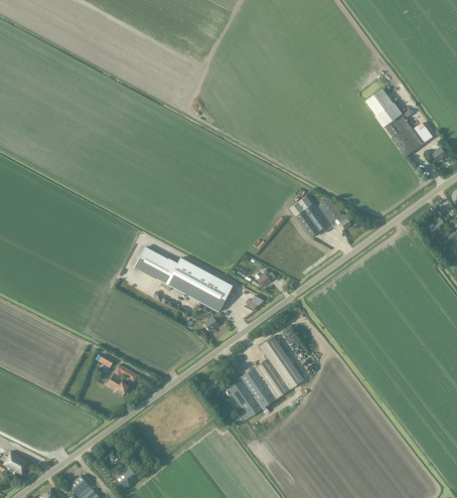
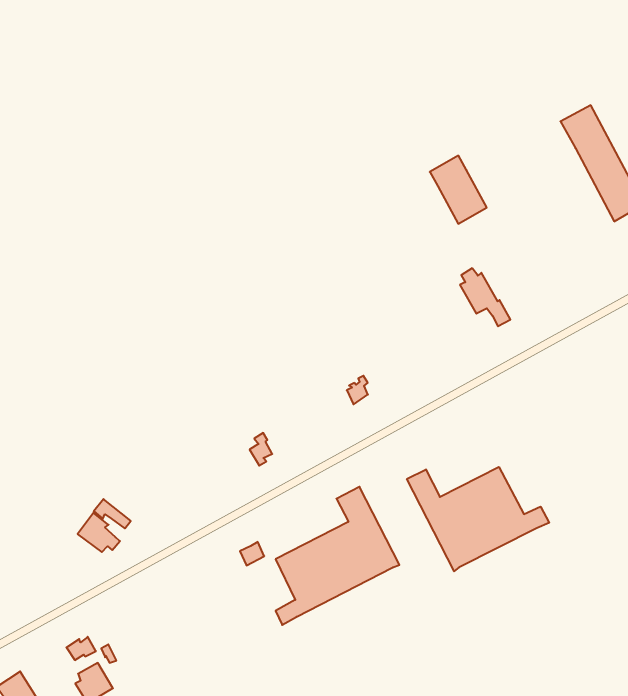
building: [290,196,327,237] -> [430,156,487,224]
building: [135,247,233,312] -> none
building: none -> [407,467,549,571]

